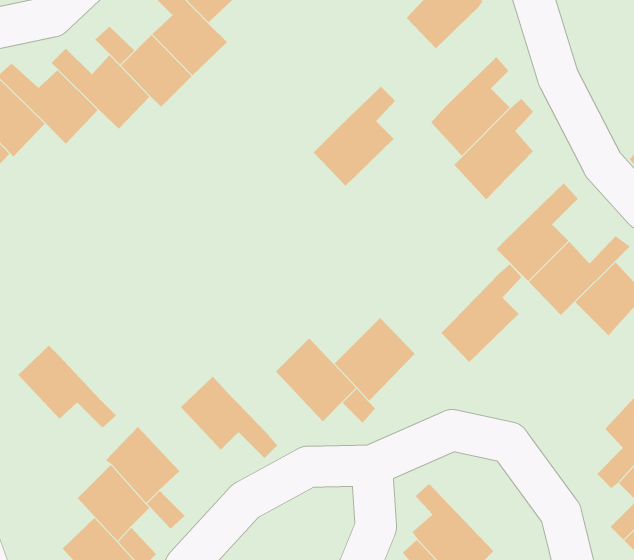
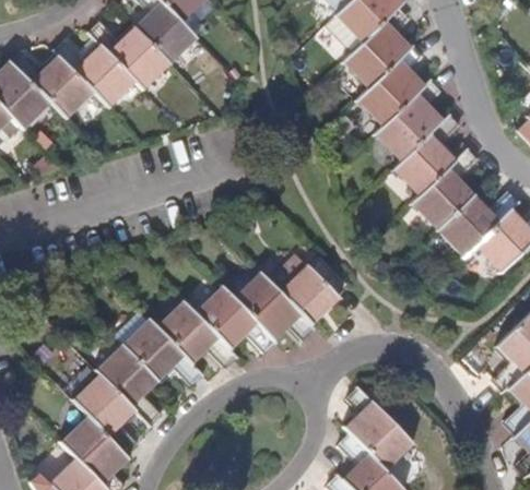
building: [313,86,396,187] -> [343,7,410,87]
building: [441,263,522,363] -> [394,115,460,194]
building: [17,345,117,428] -> [123,319,203,385]
building: none -> [195,286,274,352]

